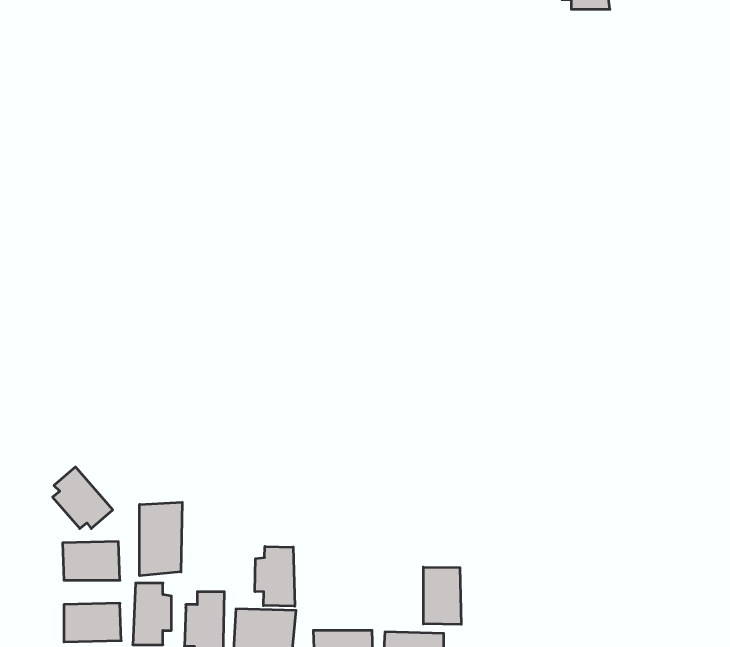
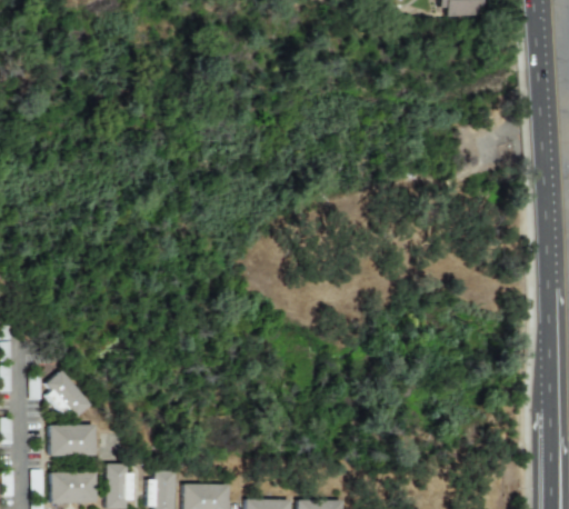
building: [140,502,182,576] -> none
building: [255,546,295,606] -> none
building: [423,567,461,624] -> none

